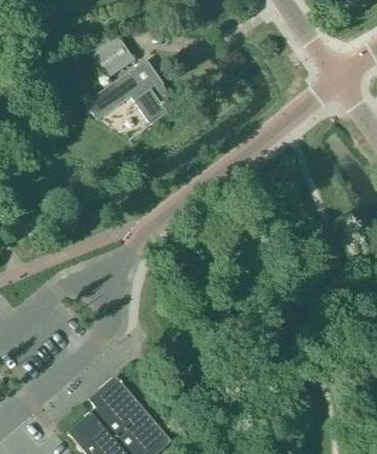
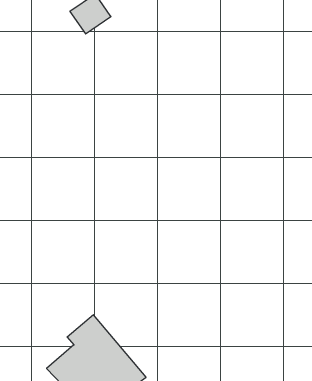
building: [85,60,170,126] -> none

